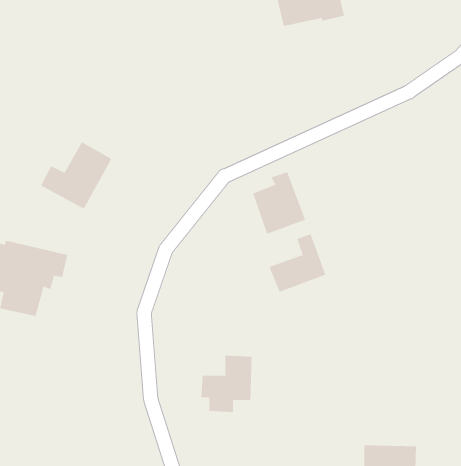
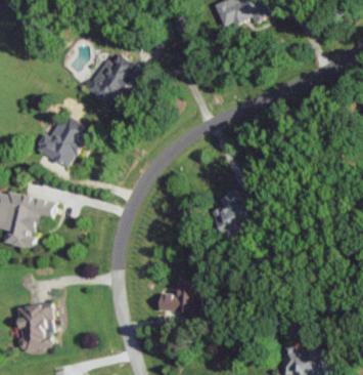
building: none -> [83,49,138,108]
building: [252,171,306,235] -> none
building: none -> [14,304,53,351]

